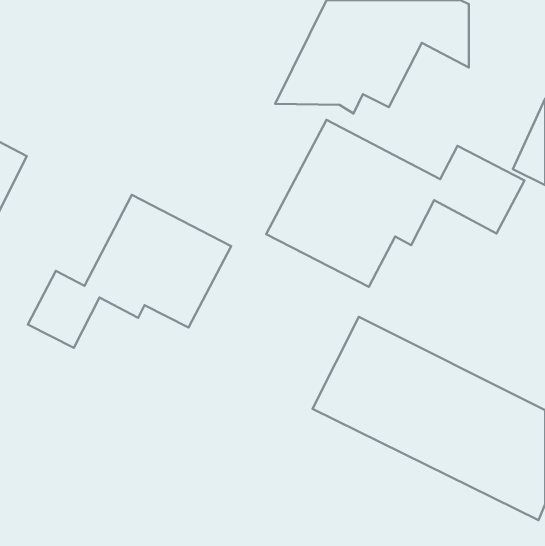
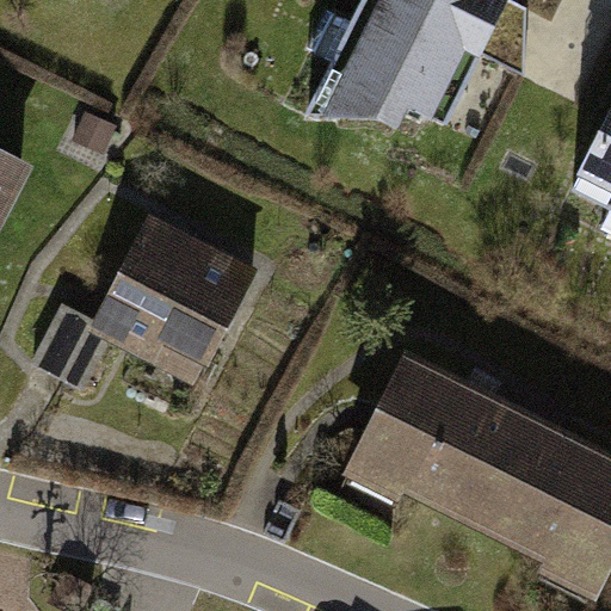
building: [266,120,525,287] -> none

